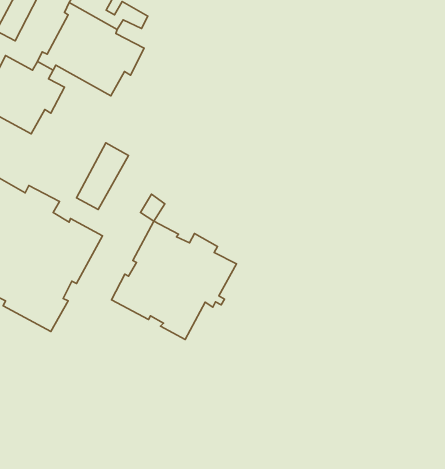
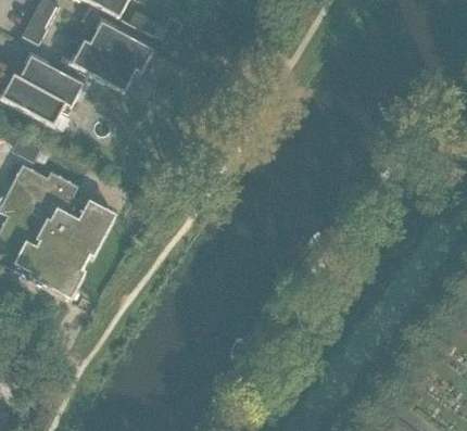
building: [77,143,128,210] -> none
building: [112,221,236,339] -> none

